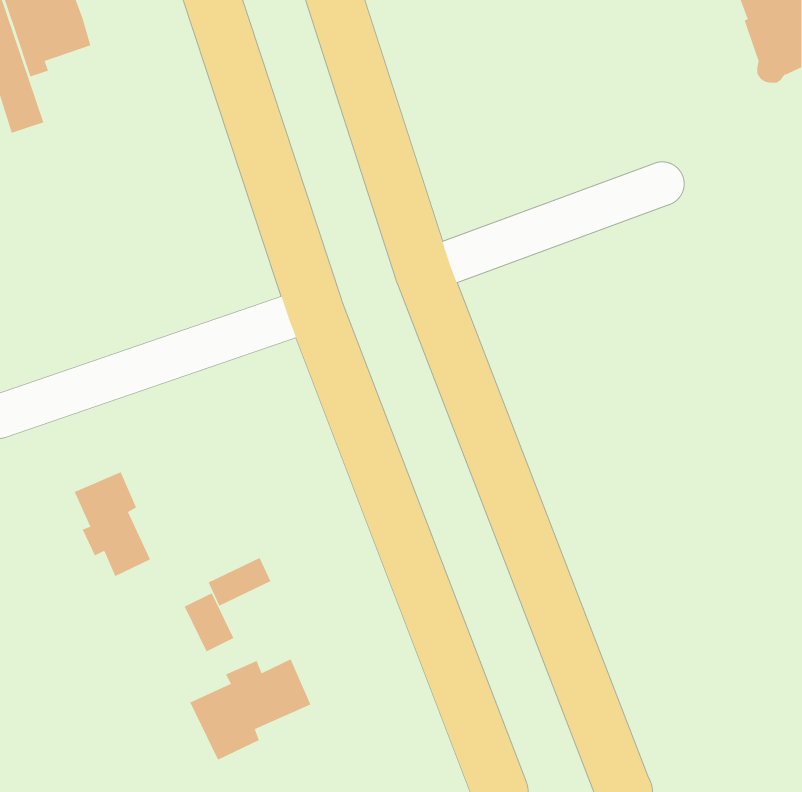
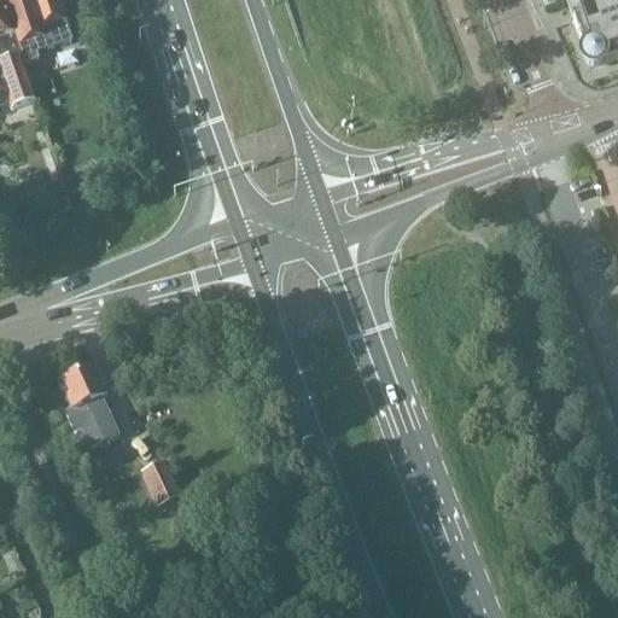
building: [208,557,271,607] -> none
building: [190,659,311,760] -> none

